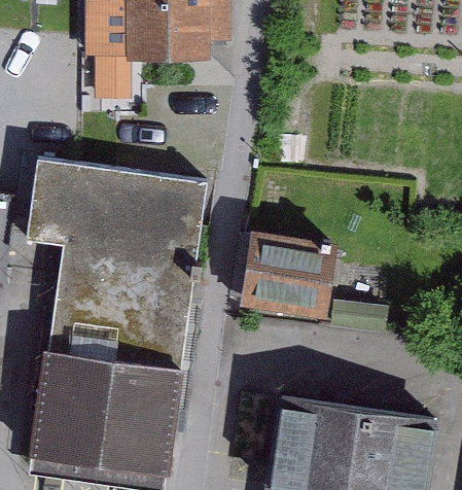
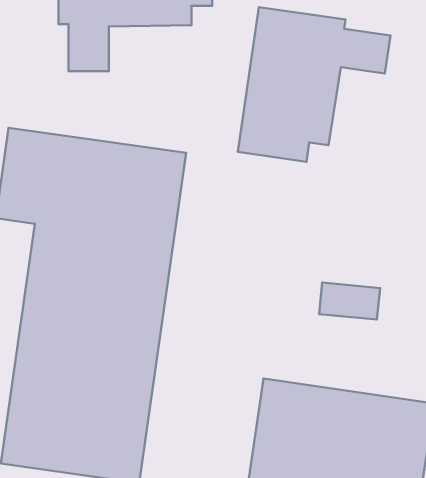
building: none -> [238,7,390,162]
building: [239,229,337,319] -> none

